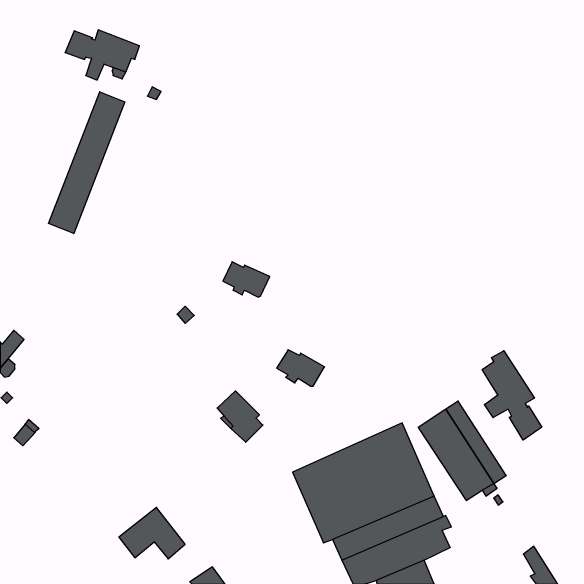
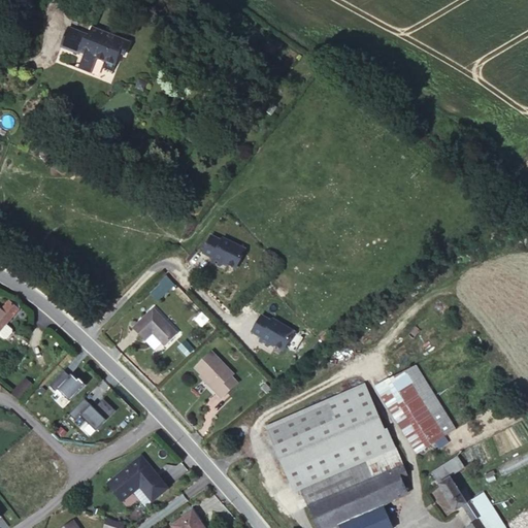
building: [49,92,125,234] -> none
building: none -> [133,309,176,345]
building: [482,351,542,440] -> none
building: none -> [50,369,87,400]
building: none -> [70,397,117,430]
building: none -> [433,459,483,523]

